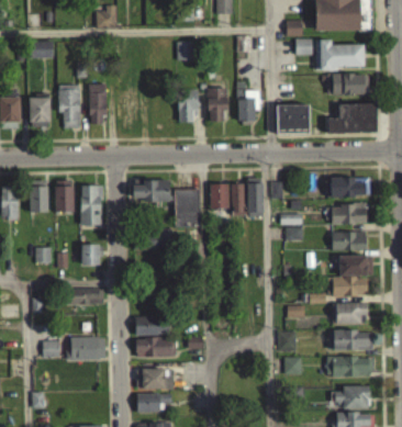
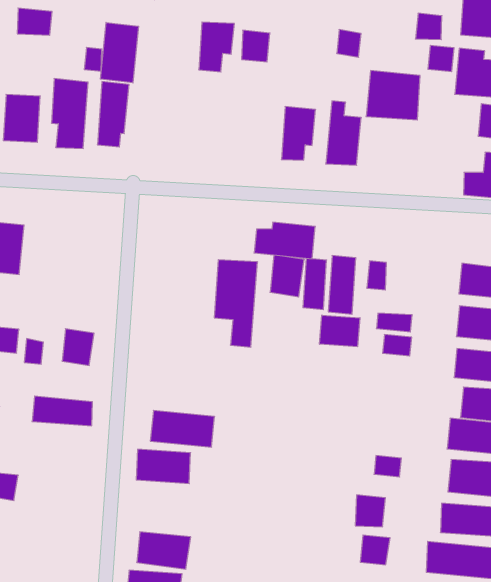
building: none -> [100,22,139,83]
building: [178,90,199,122] -> [199,22,234,72]
building: [277,104,310,134] -> [366,71,420,120]
building: [55,180,74,212] -> none
building: [133,180,170,201] -> [254,222,315,259]
building: [80,184,102,225] -> none
building: none -> [320,315,360,347]
building: [70,337,105,360] -> none
building: [136,337,176,357] -> [150,410,215,447]

